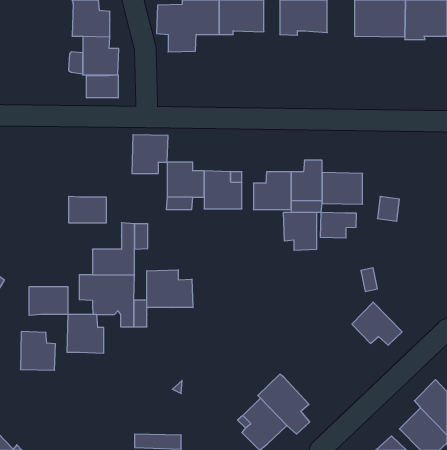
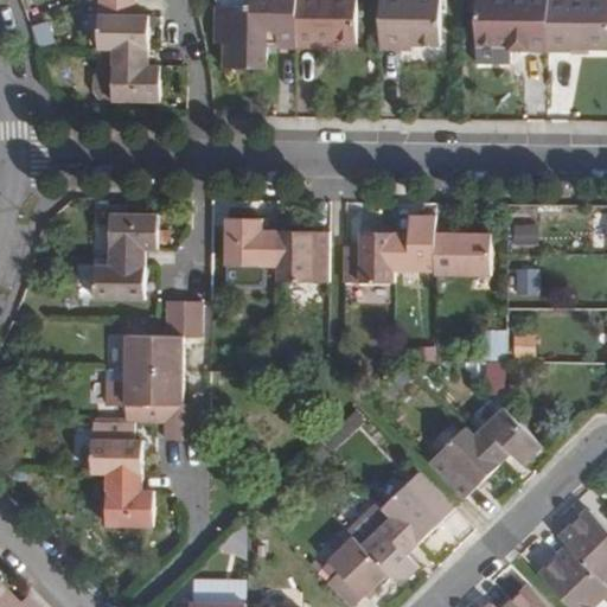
building: [87,75,118,98] -> none
building: [132,135,168,173] -> [108,213,156,266]
building: [284,212,316,250] -> none
building: [321,212,356,238] -> none
building: [147,270,193,308] -> none
building: [29,287,68,315] -> none
building: none -> [429,427,499,497]
building: [20,332,56,370] -> [106,474,153,526]
building: none -> [382,473,452,544]

